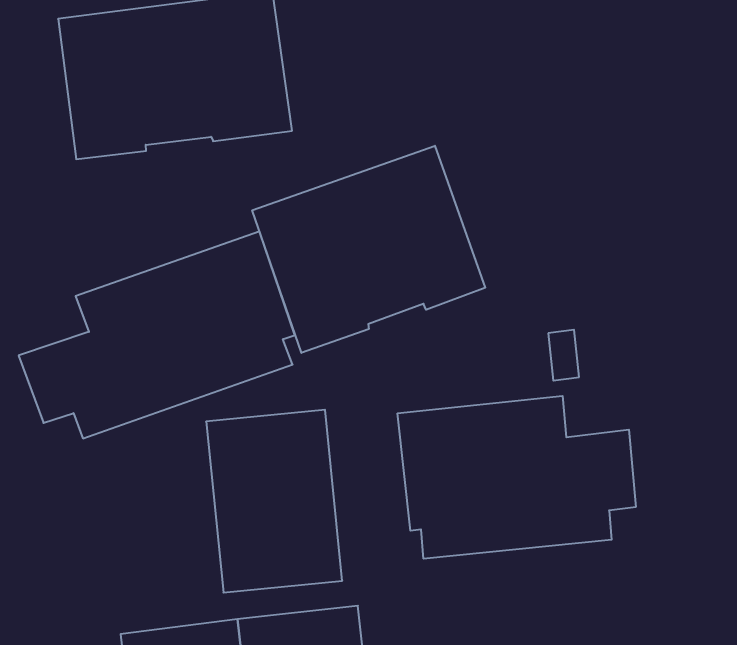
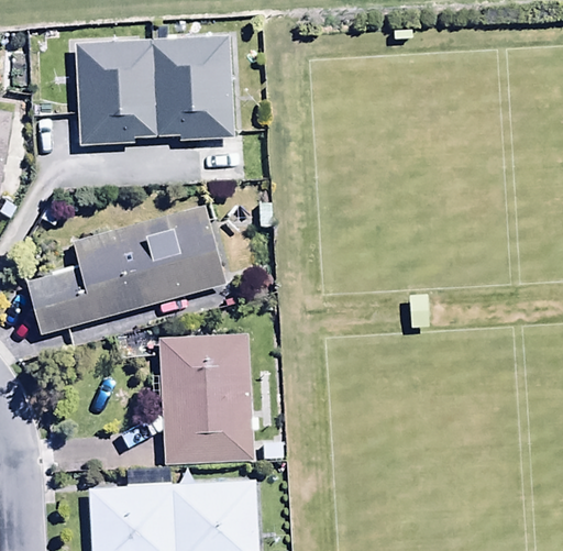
building: [252,146,485,353] -> none
building: [398,396,636,559] -> none

